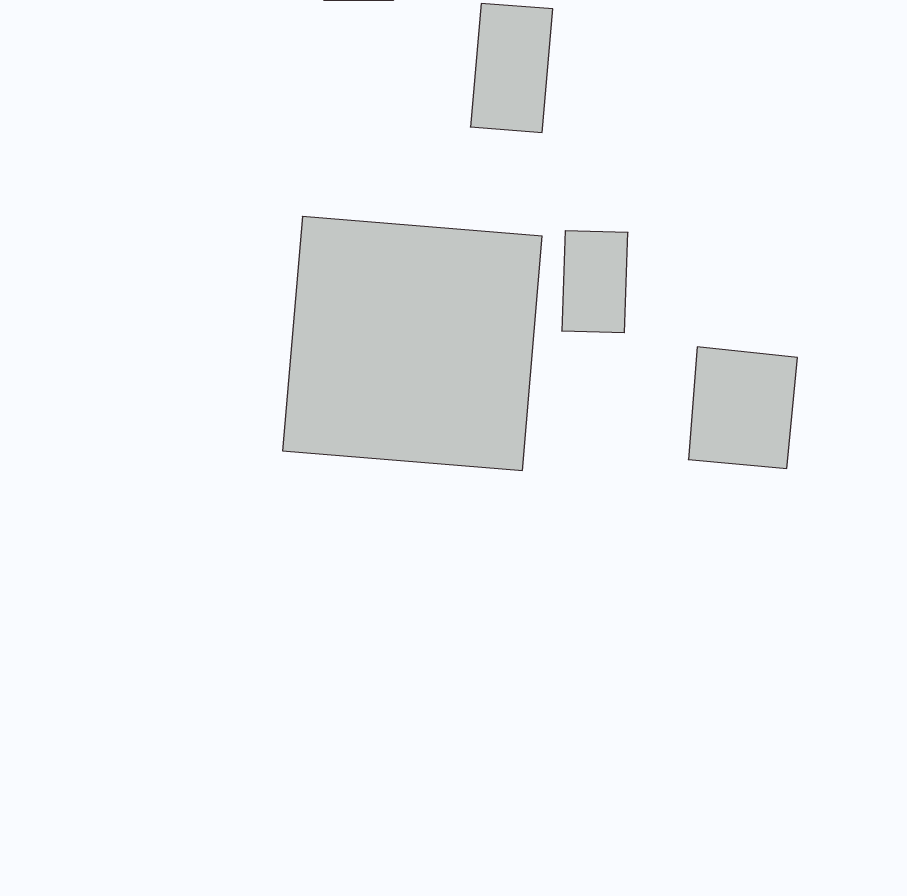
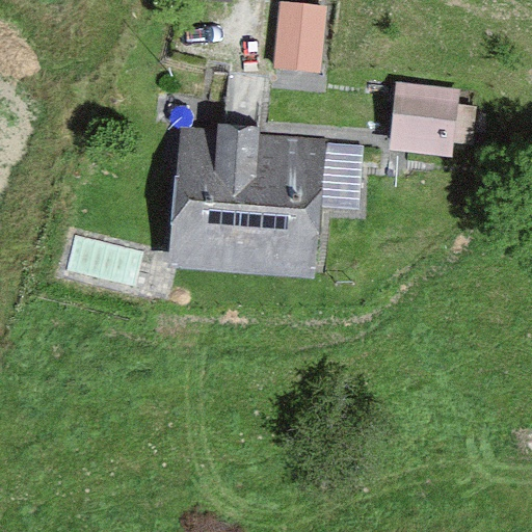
building: [688,347,797,468] -> [395,81,458,152]

